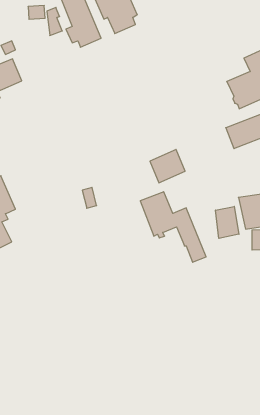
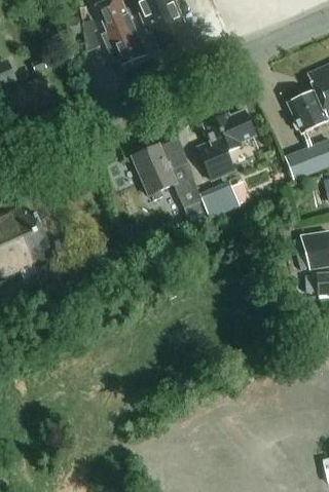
building: none -> [202,109,254,178]
building: [140,192,206,262] -> [133,144,208,224]
building: [216,206,239,238] -> none

